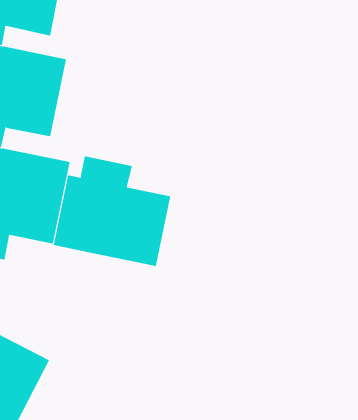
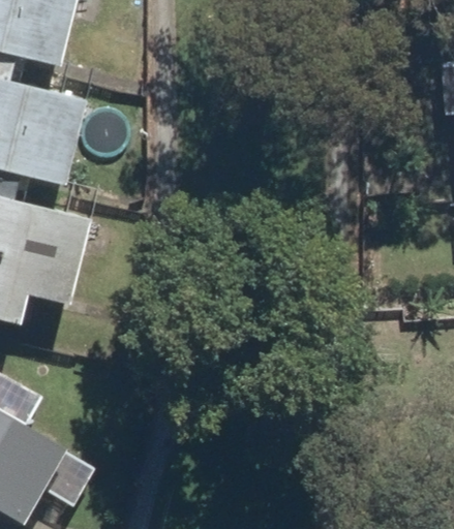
building: [53,155,171,267] -> none

